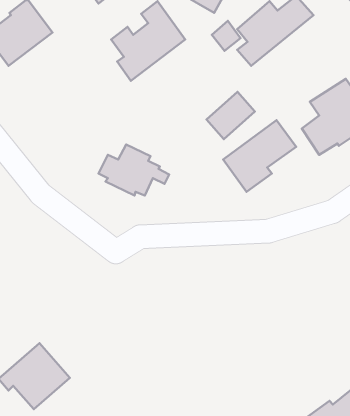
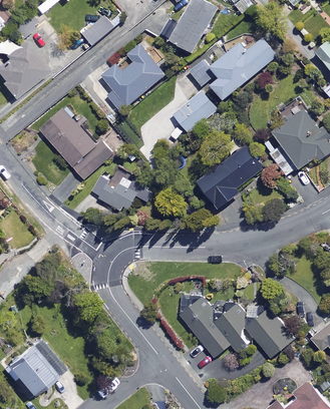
building: none -> [41,108,114,179]
building: [206,92,255,139] -> [173,90,215,131]
building: none -> [180,296,293,357]

